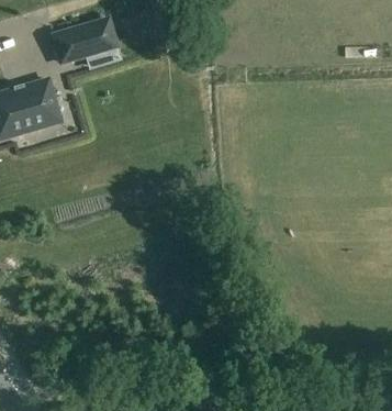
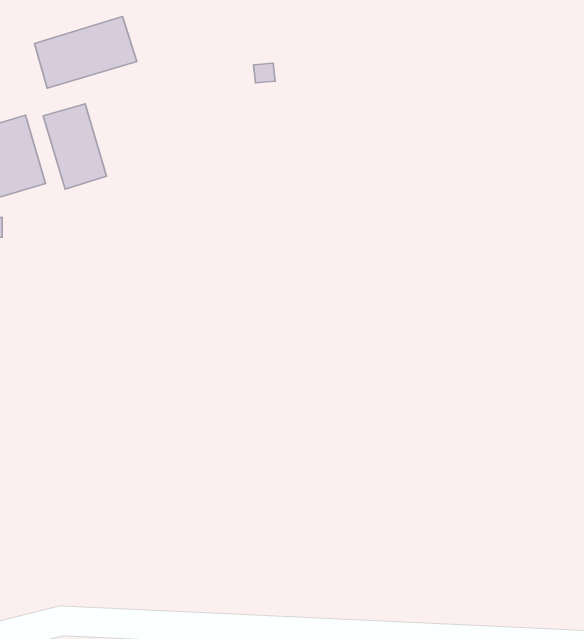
building: none -> [43,104,106,189]

